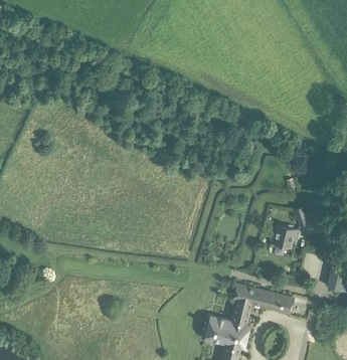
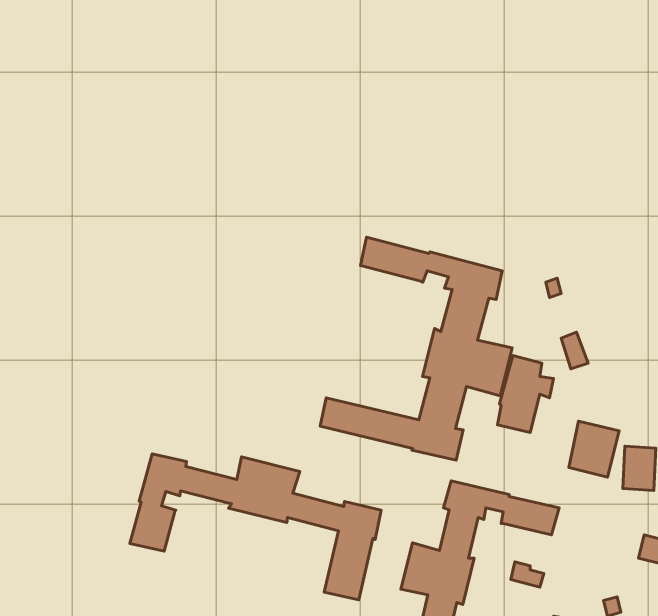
building: none -> [320,237,512,460]
building: none -> [130,454,381,600]

